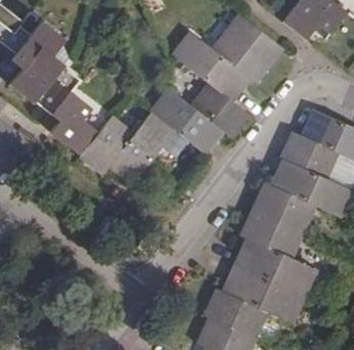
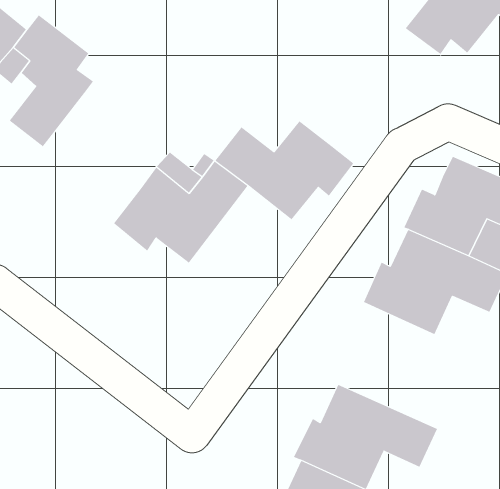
building: [172,14,281,102] -> none
building: [33,67,99,156] -> none
building: [235,210,316,297] -> none

